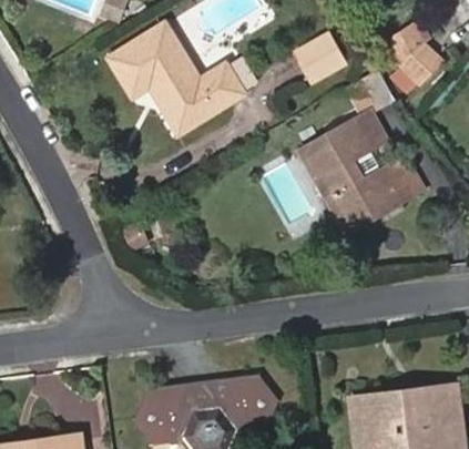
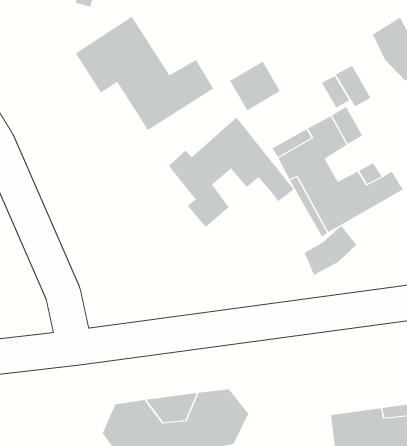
building: [292,35,340,83] -> [229,61,281,111]
building: none -> [168,117,294,228]
building: none -> [304,225,357,276]

